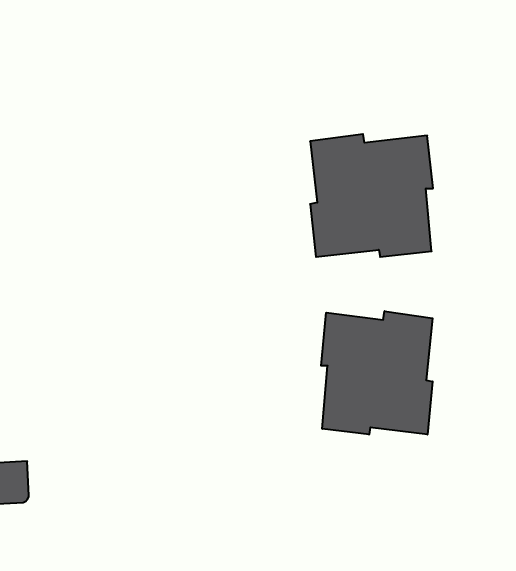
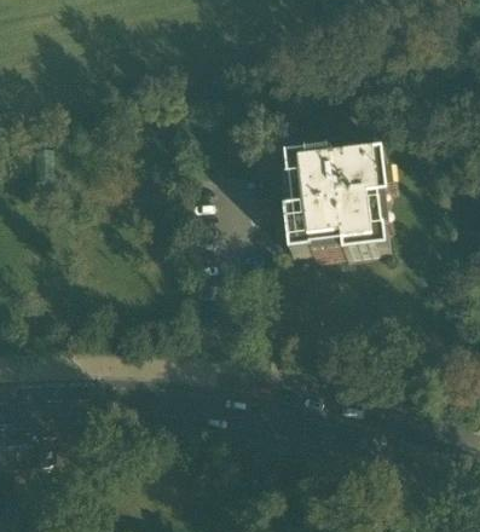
building: [321,311,433,435] -> none

